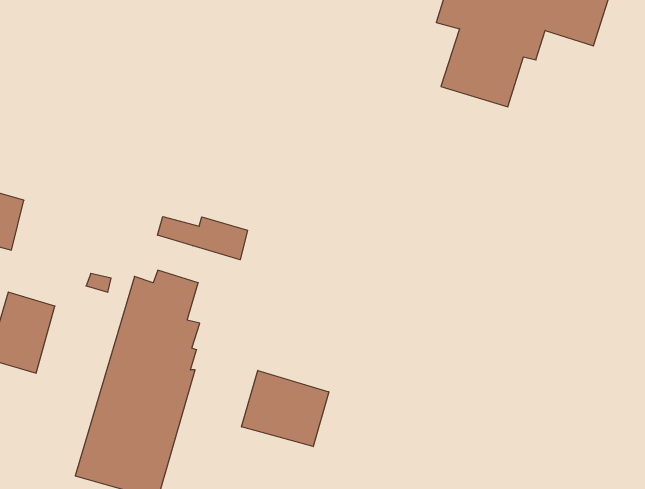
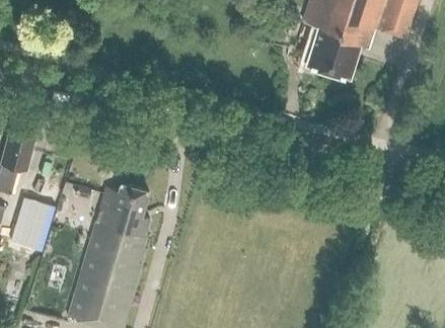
building: [158,217,248,260] -> none
building: [242,370,329,447] -> none

